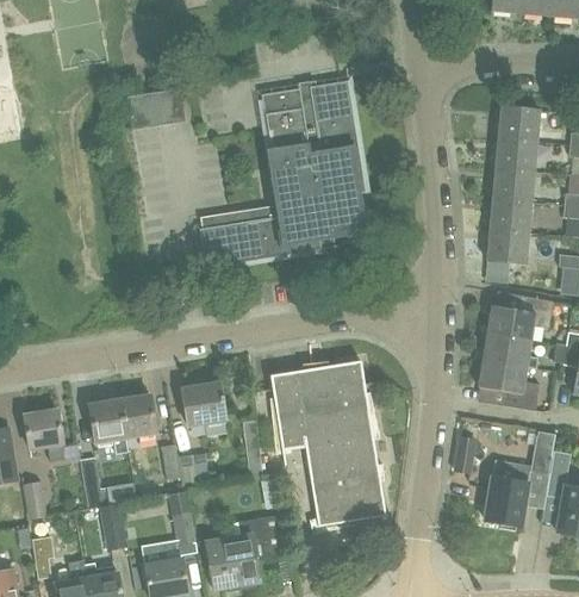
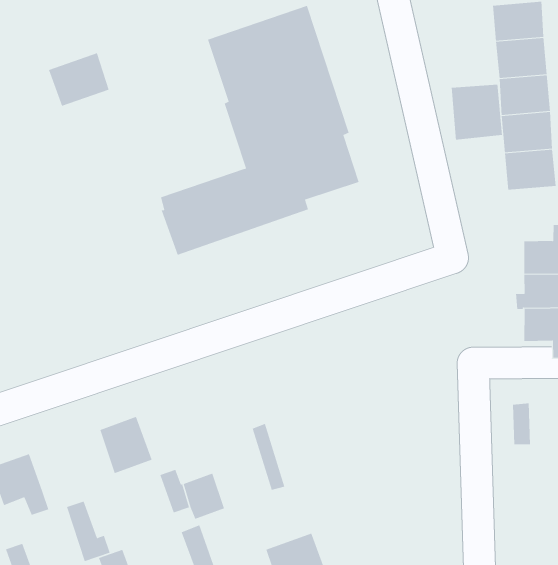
building: none -> [451,84,502,141]
building: [269,359,386,533] -> none
building: [180,381,226,425] -> none
building: [87,399,124,442] -> none

